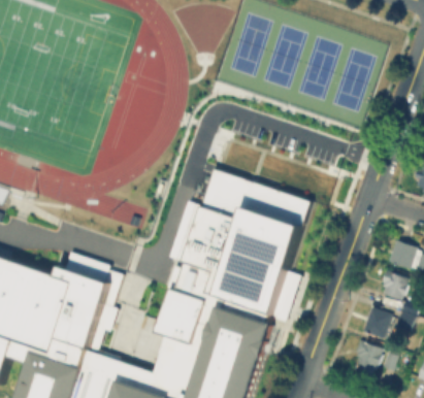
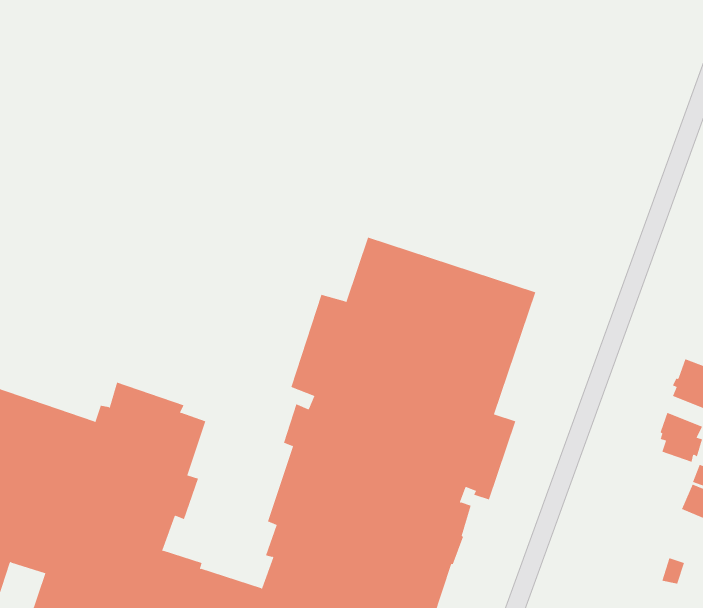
building: [362,306,392,338] -> none
building: [356,340,382,369] -> none

